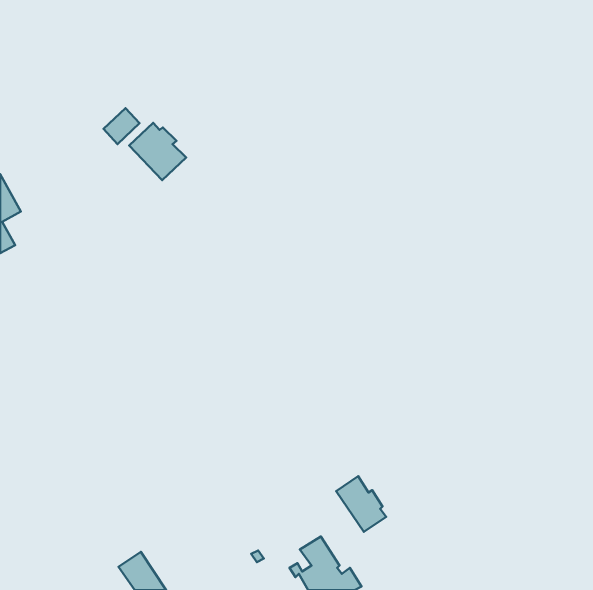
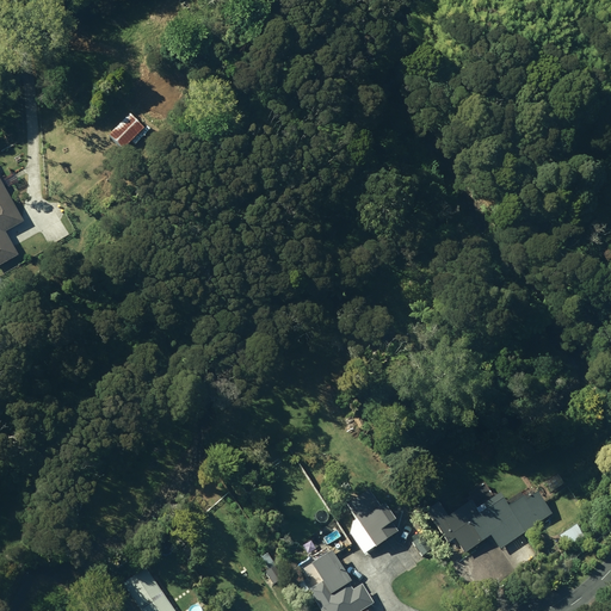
building: [129,123,186,180] -> none
building: none -> [426,492,553,553]

